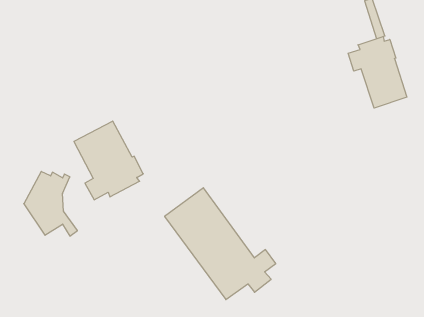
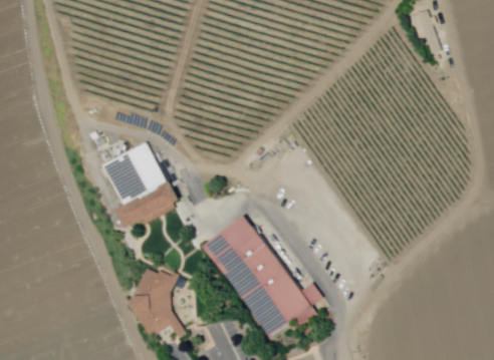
building: [348,37,407,108] -> none
building: [24,171,77,236] -> [129,268,187,338]

